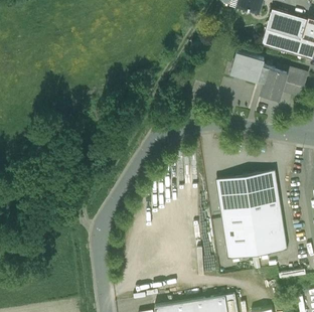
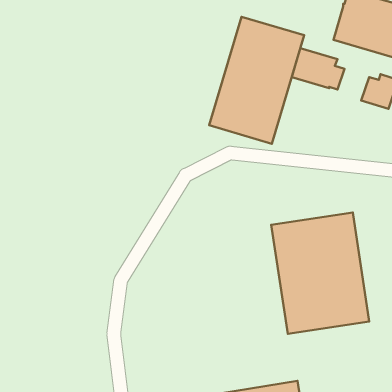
building: none -> [209,17,304,144]
building: [261,66,287,100] -> none

